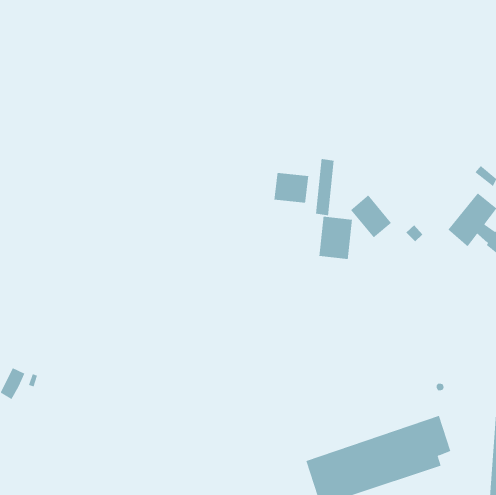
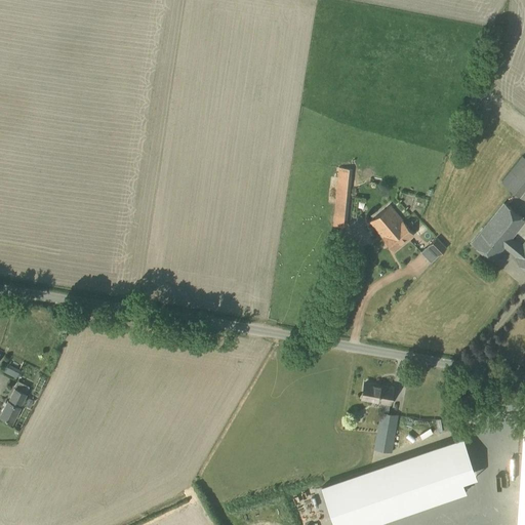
building: [274,172,309,203] -> none
building: [319,216,352,260] -> none
building: none -> [363,386,398,453]

